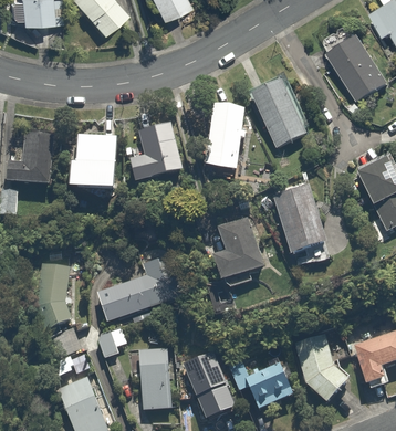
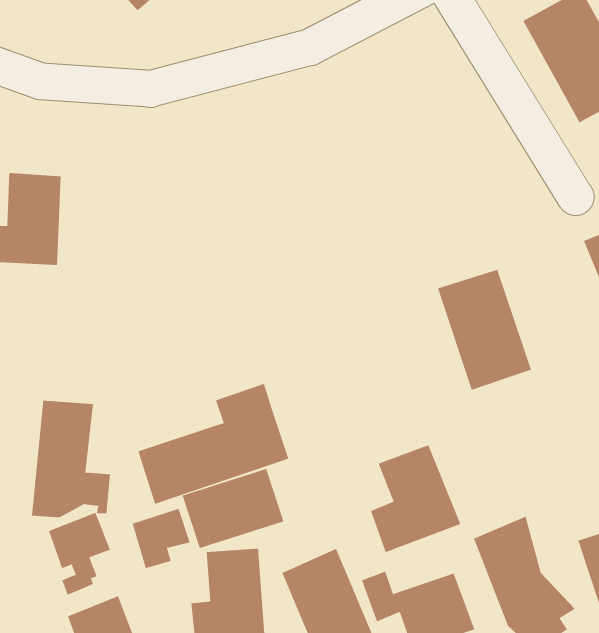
building: [249,76,309,147] -> none
building: [202,105,246,170] -> none
building: [67,116,115,187] -> none
building: [128,123,183,182] -> none
building: [212,218,265,281] -> [370,445,461,553]
building: none -> [182,468,284,549]

